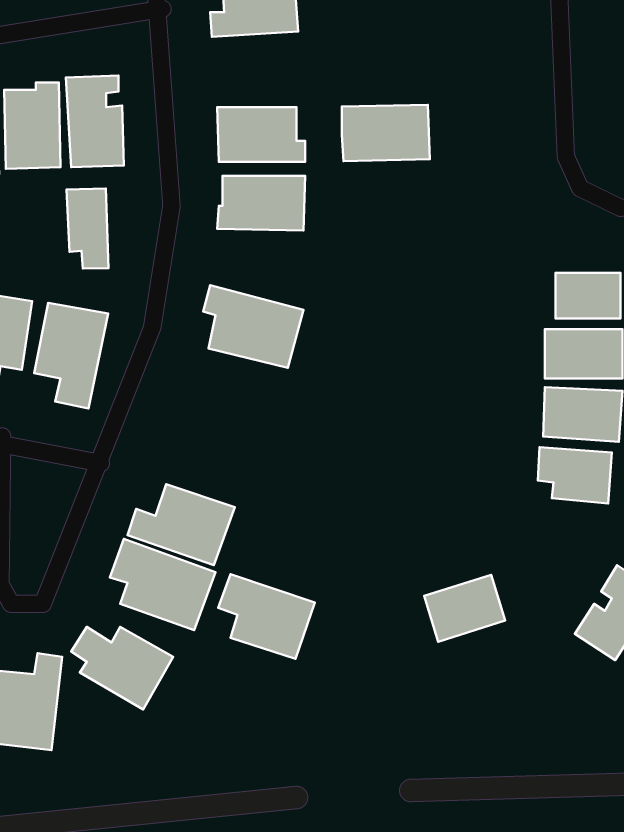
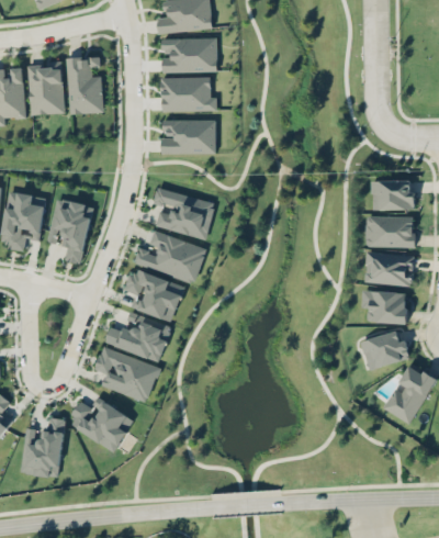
building: [342,105,430,161] -> [162,37,217,72]
building: [66,188,108,268] -> none
building: none -> [134,232,206,282]
building: [218,574,315,659] -> [124,269,184,322]
building: [424,575,505,642] -> [359,328,409,370]

